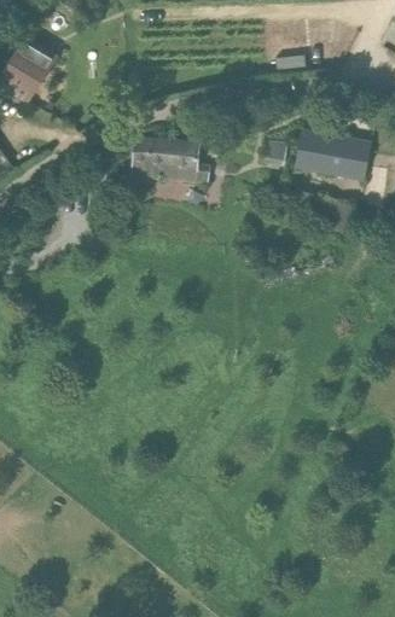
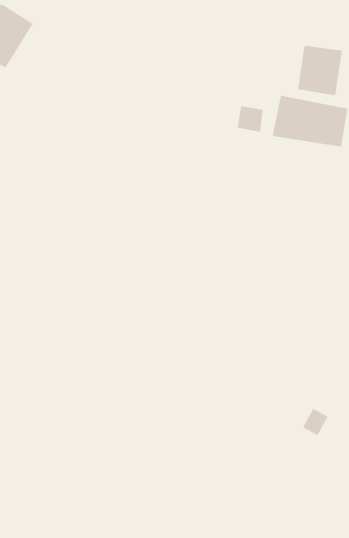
building: none -> [298,45,343,96]
building: [129,138,208,182] -> none

